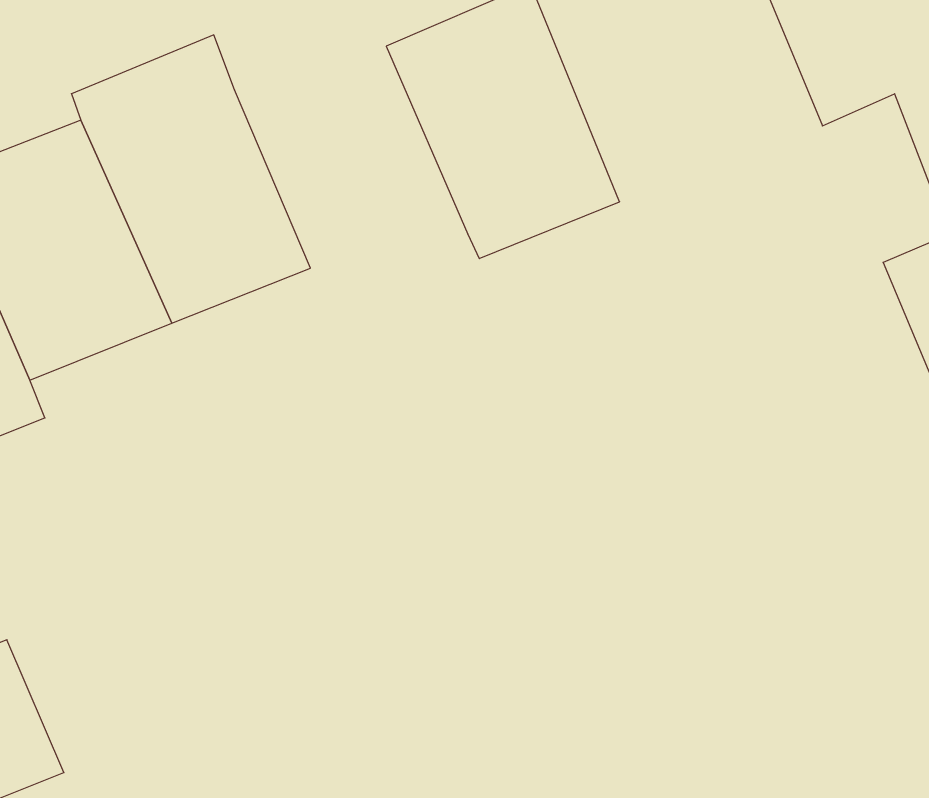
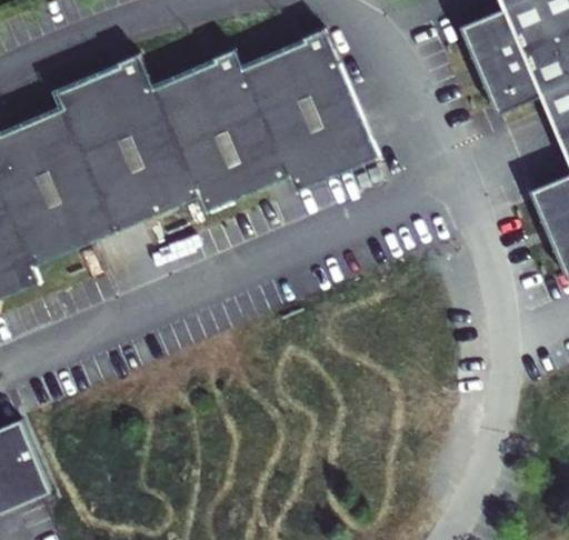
building: none -> [154,53,291,209]

